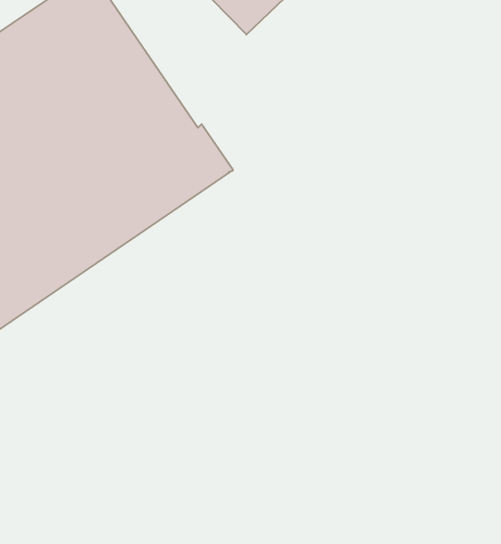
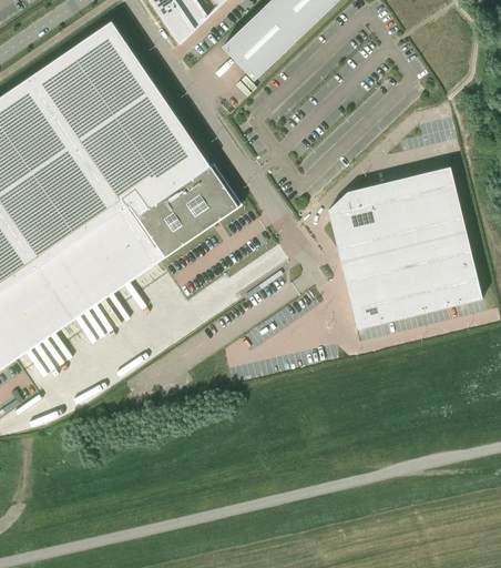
building: none -> [325,169,478,331]

